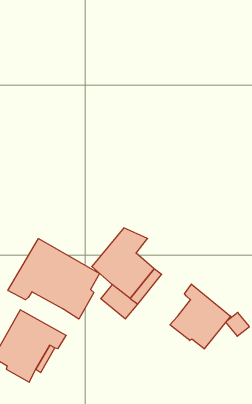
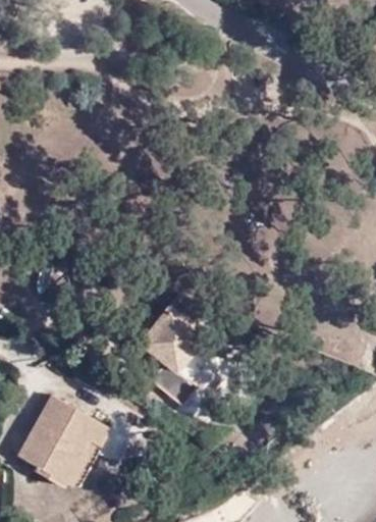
building: [8,239,100,319] -> none
building: [170,284,231,349] -> none

